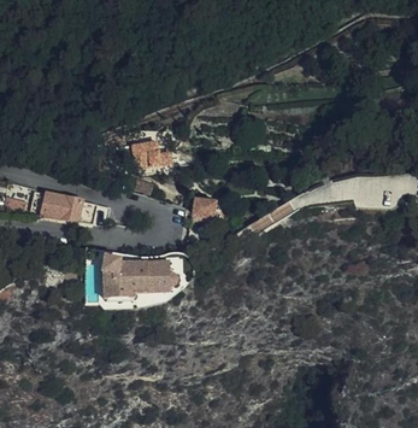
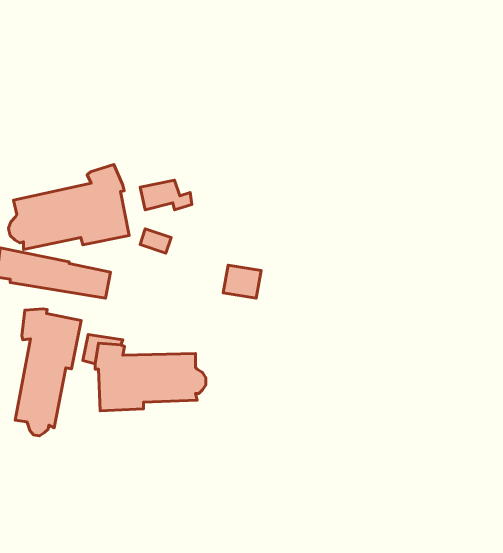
building: none -> [9,164,129,250]
building: none -> [15,309,81,436]

